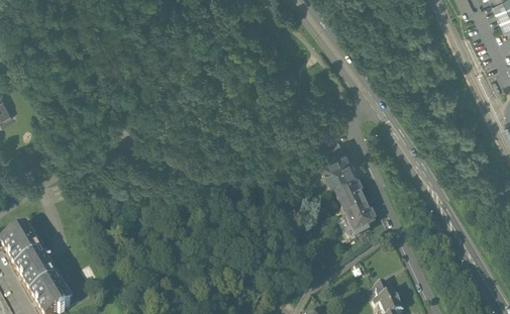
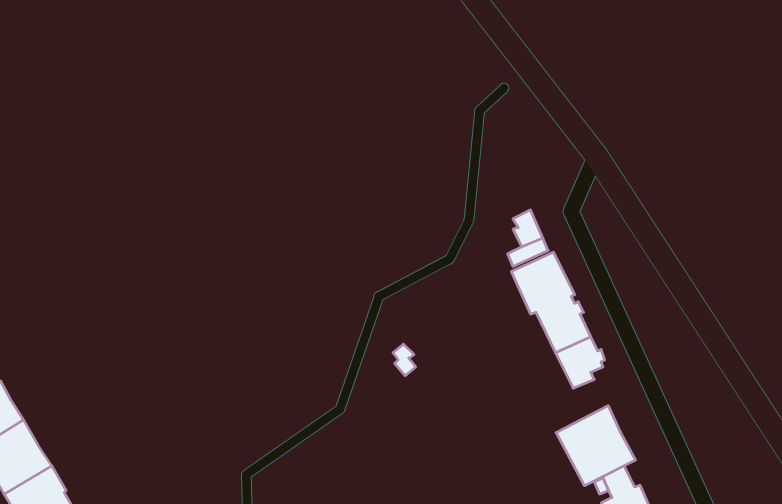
building: none -> [556,406,635,486]

